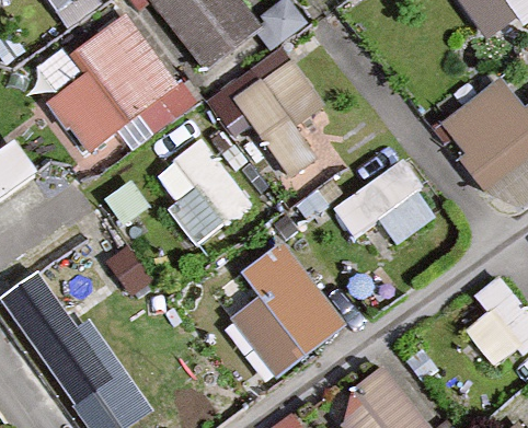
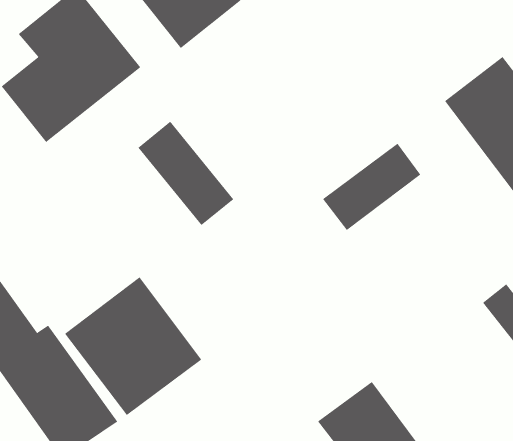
building: [226,62,341,181] -> none
building: [213,250,336,374] -> [64,276,202,416]

